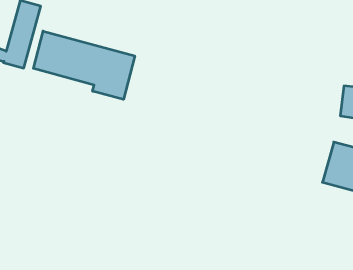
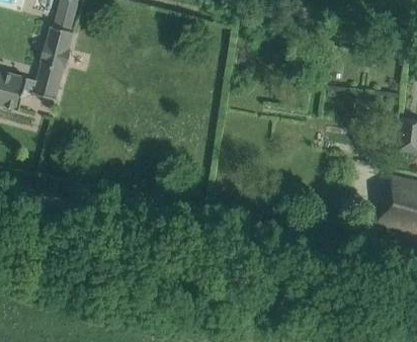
building: [33,31,135,99] -> none

